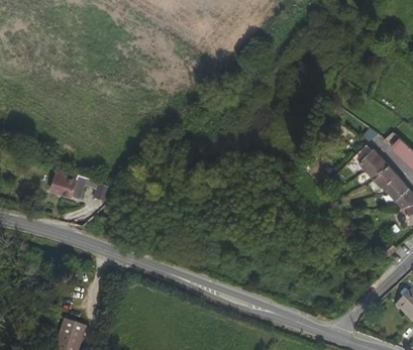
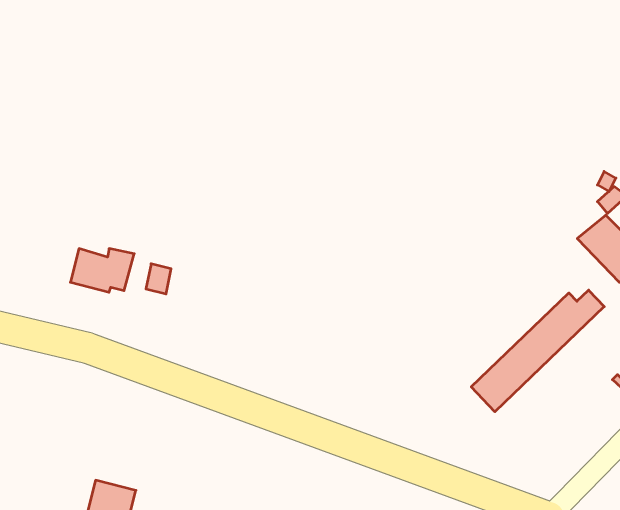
building: none -> [471,290,604,412]

